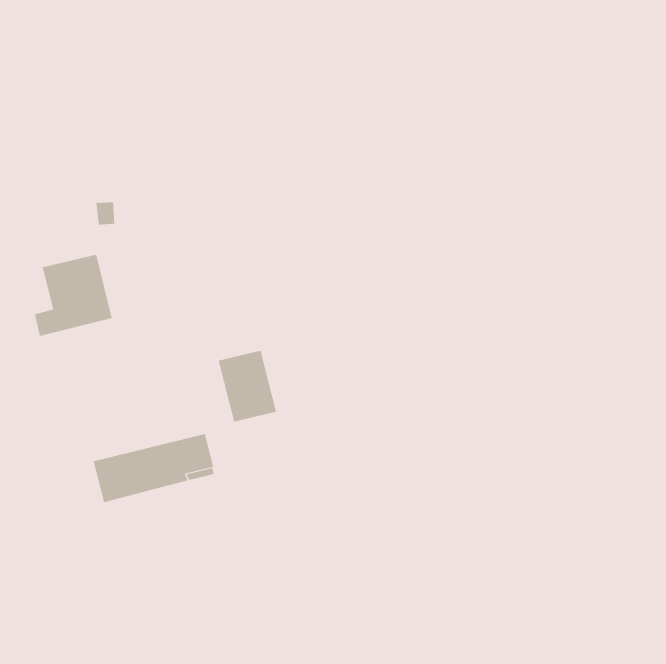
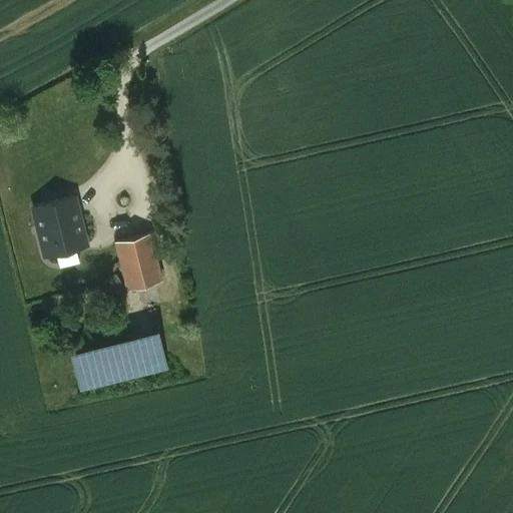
building: [218,350,277,422] -> [117,235,162,291]

